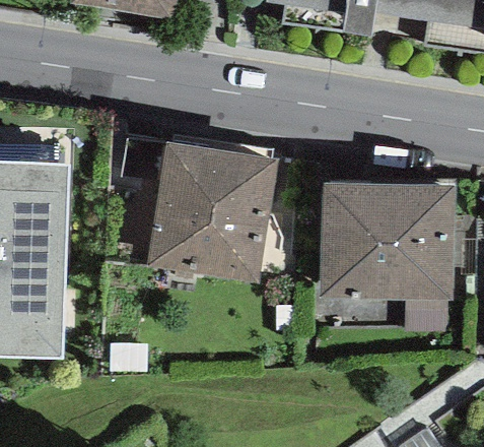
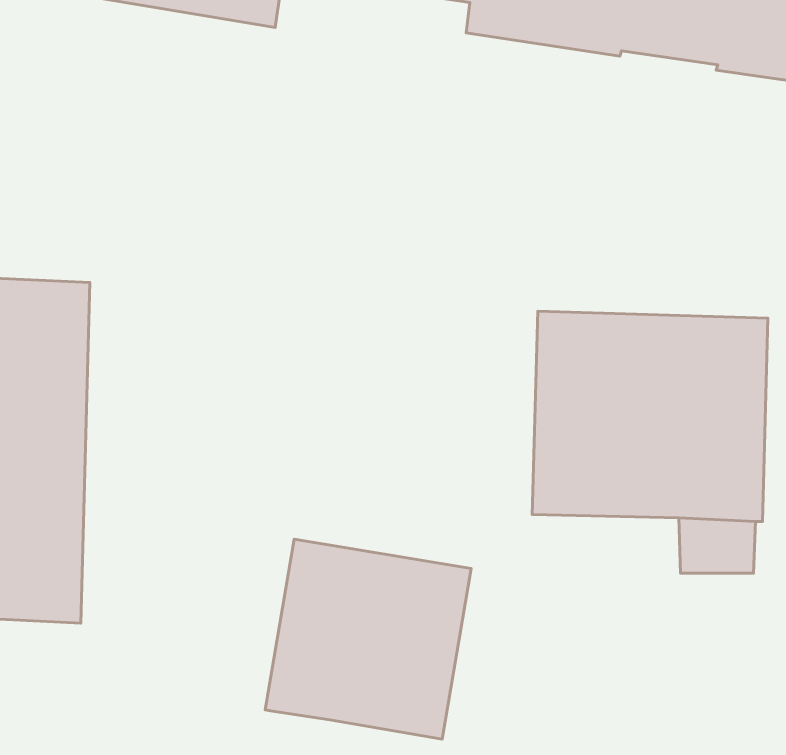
building: [146,141,278,281] -> none
building: none -> [265,539,471,739]

